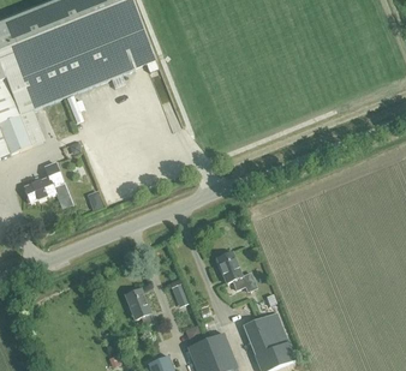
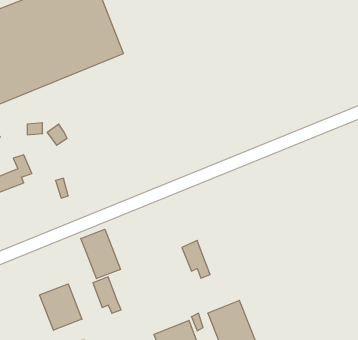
building: none -> [81,229,120,279]
building: none -> [40,284,82,330]

